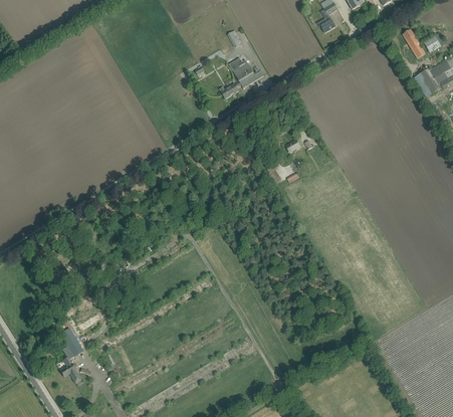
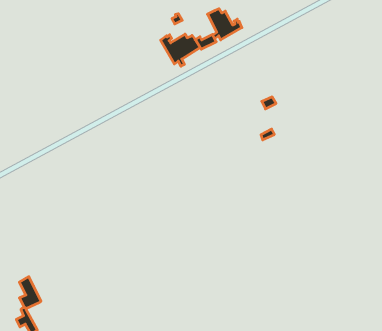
building: none -> [161,34,200,66]

